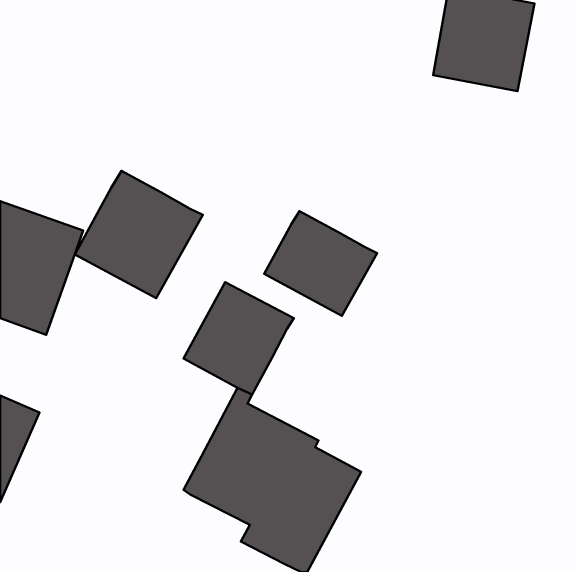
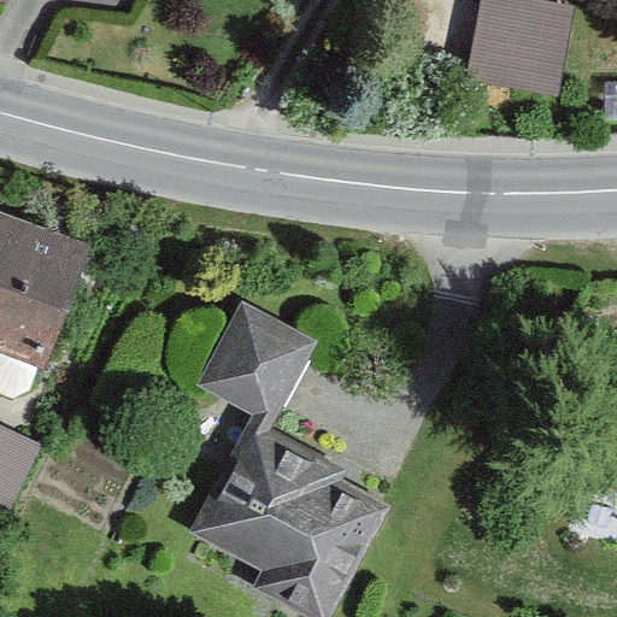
building: [75,171,203,298] -> none
building: [264,211,377,316] -> none

